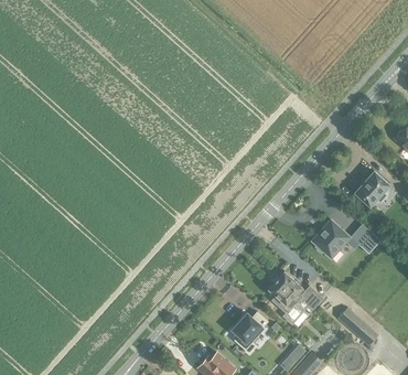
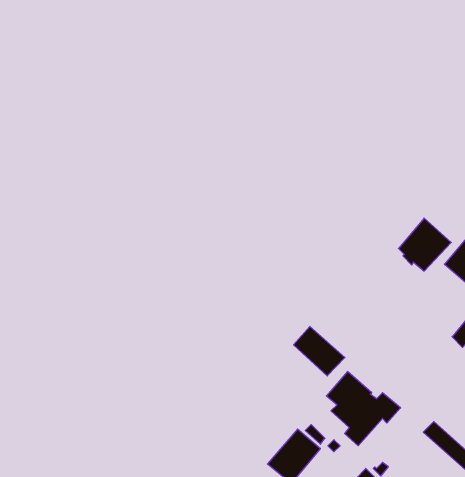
building: [312,219,351,258] -> [398,218,451,271]
building: none -> [294,326,345,376]

